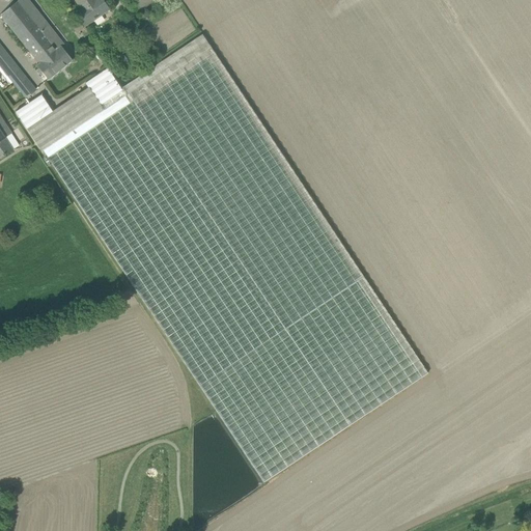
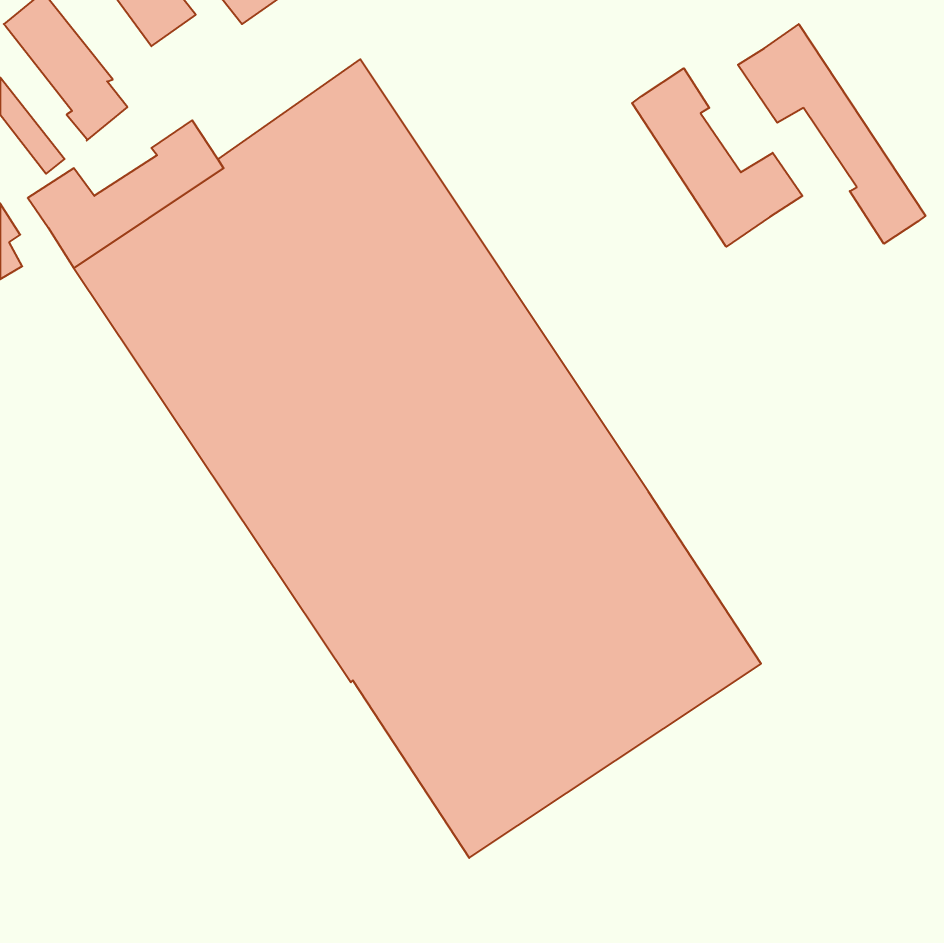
building: none -> [738,24,925,244]
building: none -> [632,68,802,247]

